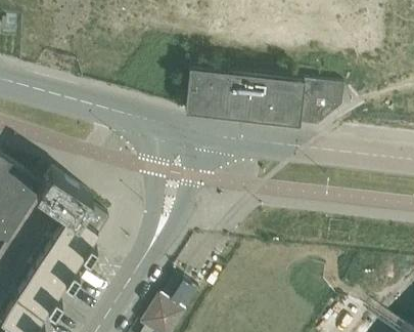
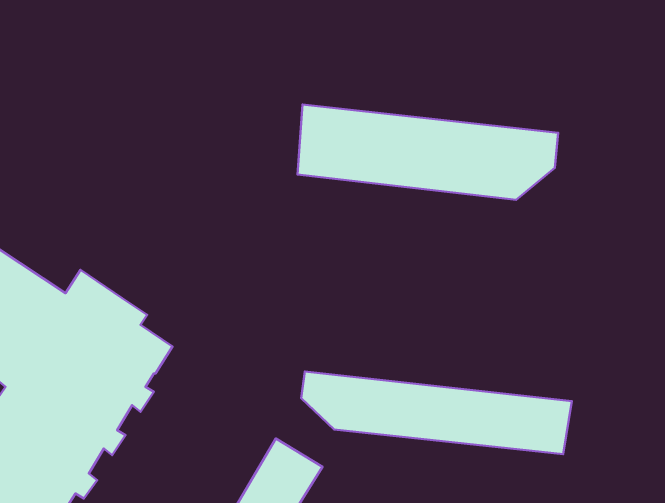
building: none -> [301,372,572,454]

